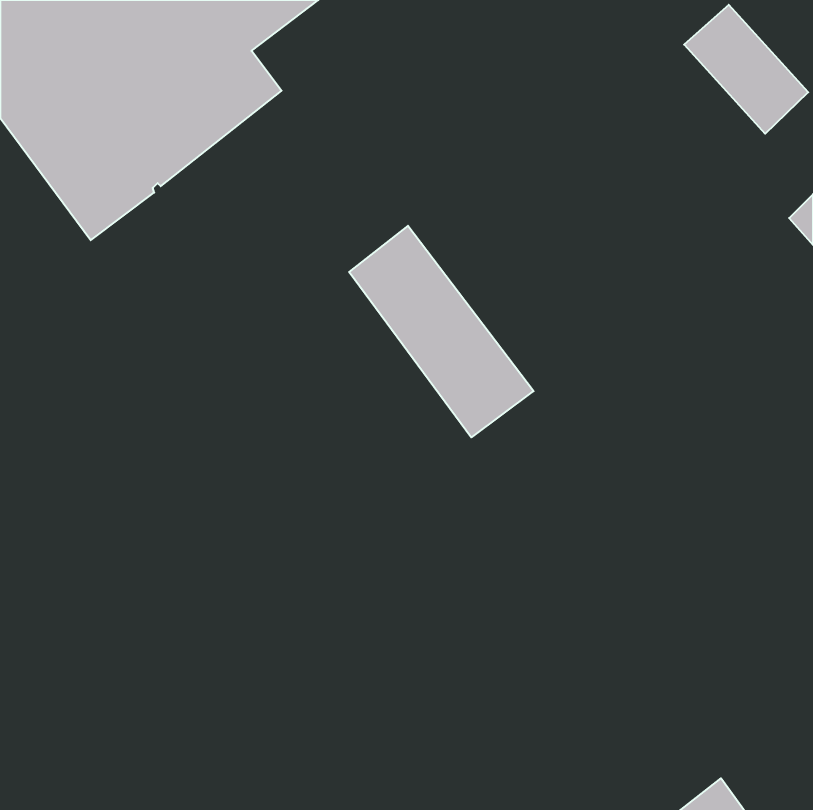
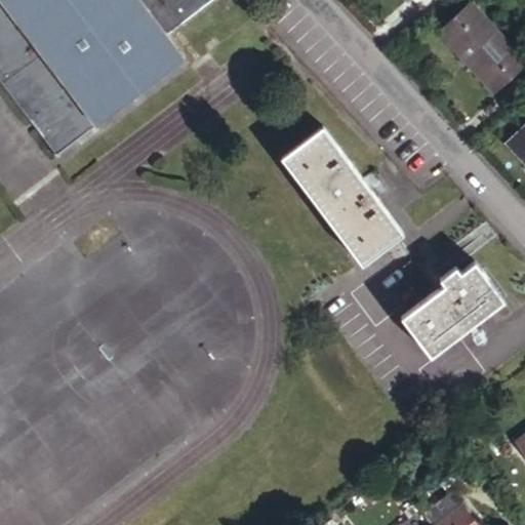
building: [349,226,534,437] -> [283,127,402,264]
building: none -> [402,264,501,356]

